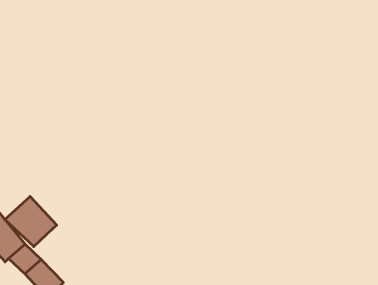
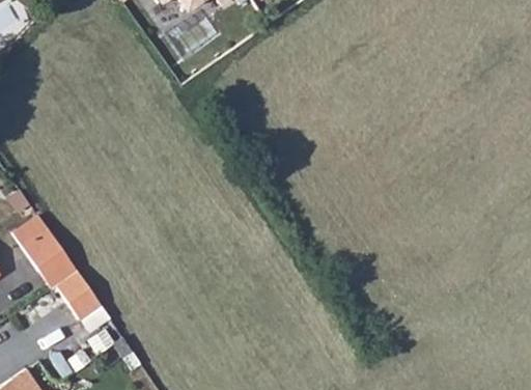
building: [5,196,57,247] -> none

